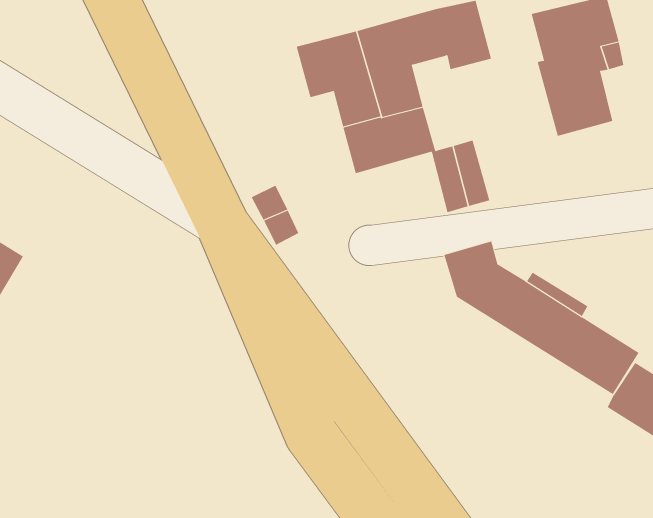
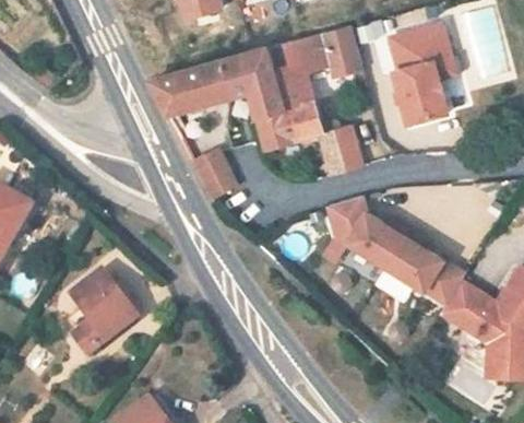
building: none -> [150,60,233,115]
building: none -> [66,271,138,357]

